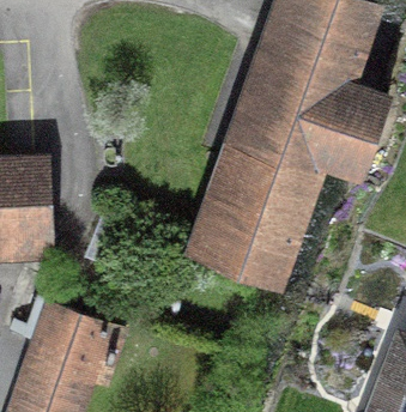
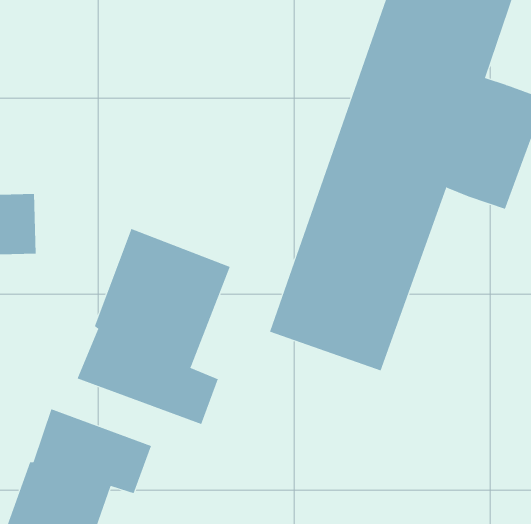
building: none -> [77,228,231,425]

